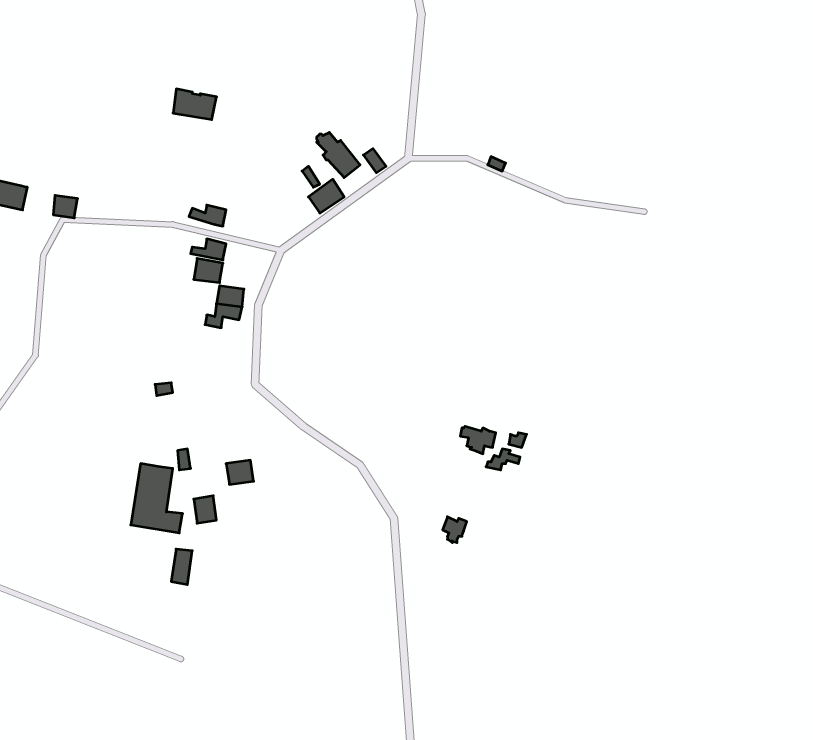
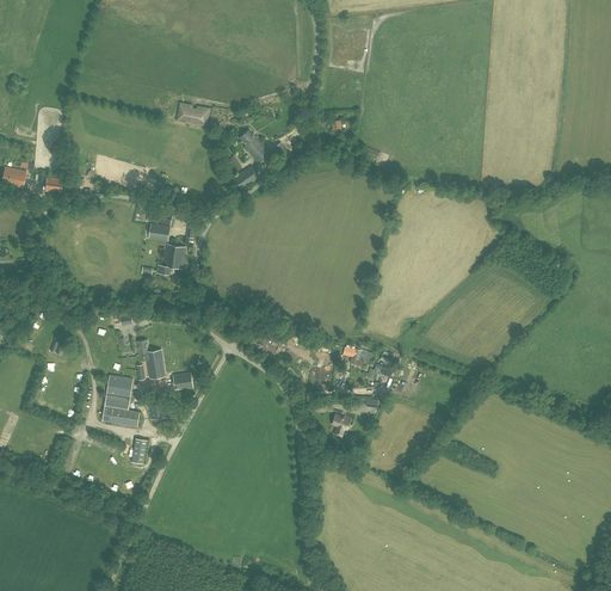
building: [173,89,217,120] -> [178,103,210,125]
building: none -> [136,339,165,378]

